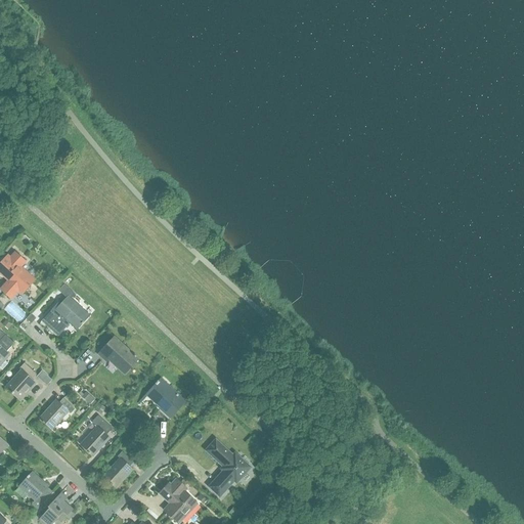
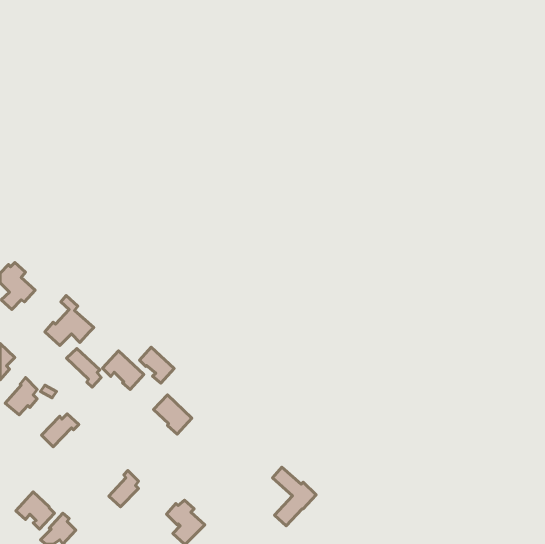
building: none -> [139,347,174,383]
building: none -> [67,348,101,387]
building: [81,414,113,454] -> none
building: [206,440,248,496] -> [272,467,316,526]

